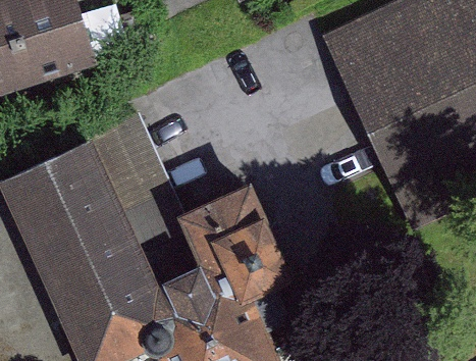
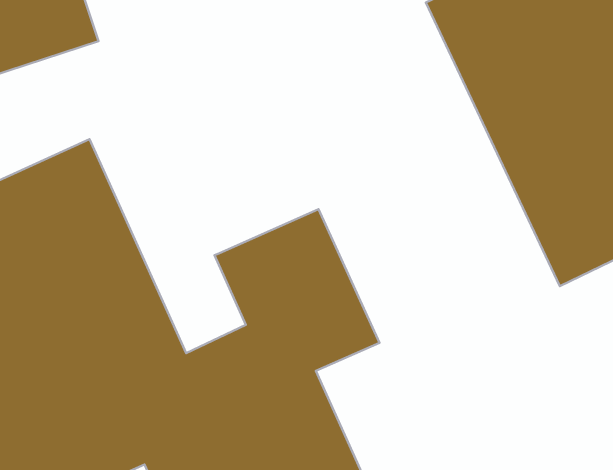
building: [92,112,199,277] -> none

